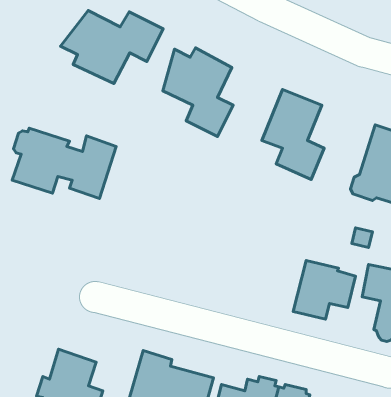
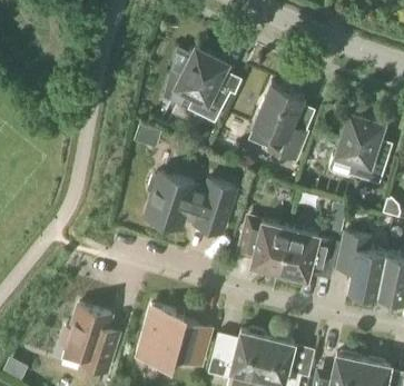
building: [61,10,163,84] -> none
building: [12,128,116,199] -> [146,174,235,234]
building: none -> [239,220,290,273]

